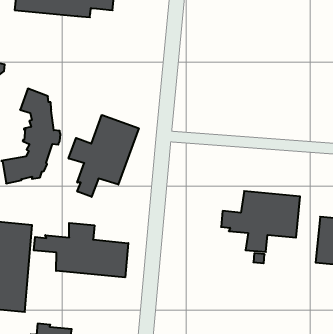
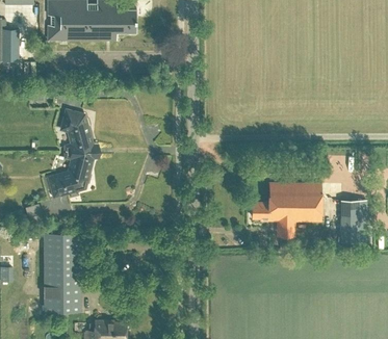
building: [69,115,139,197] -> none
building: [34,223,128,277] -> none

